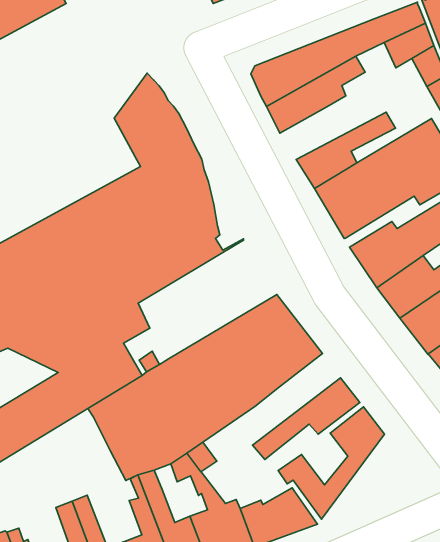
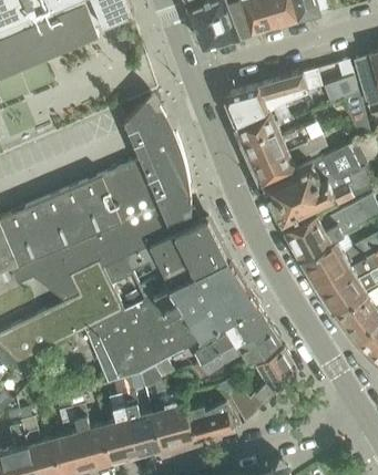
building: none -> [242,123,319,165]
building: none -> [129,219,228,299]
building: none -> [195,306,268,366]

